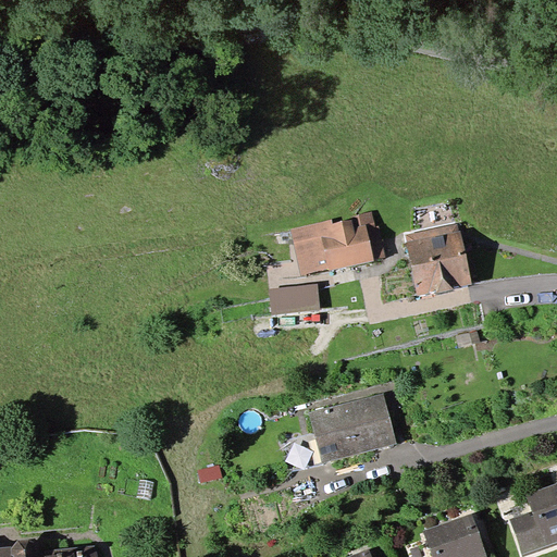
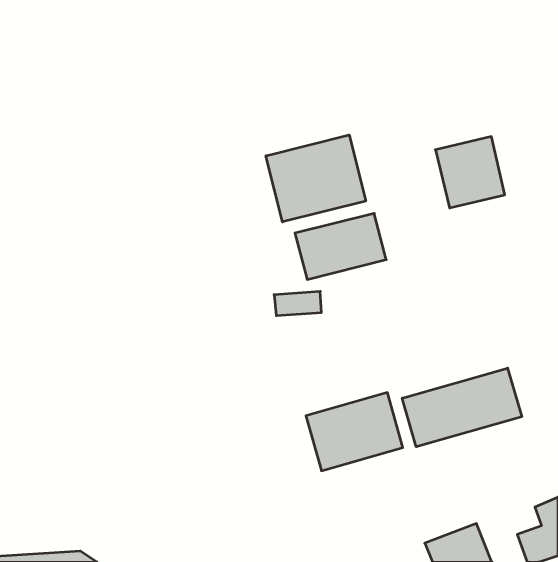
building: none -> [266,135,366,222]
building: [405,225,473,296] -> [435,137,505,208]
building: none -> [402,368,522,447]

